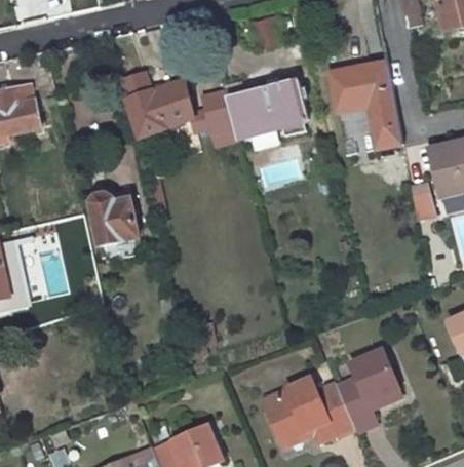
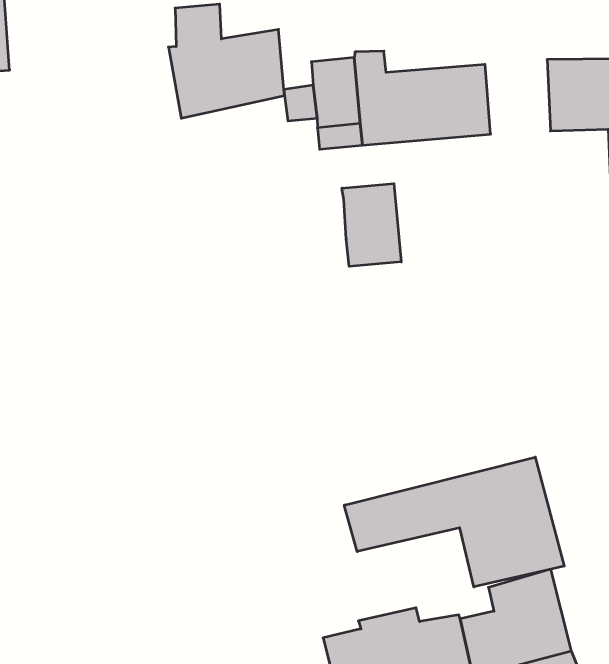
building: none -> [342,184,401,266]
building: [89,192,140,246] -> none
building: none -> [344,457,564,587]

